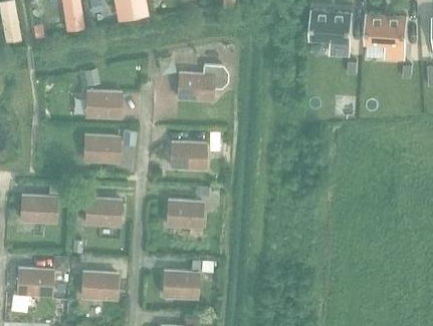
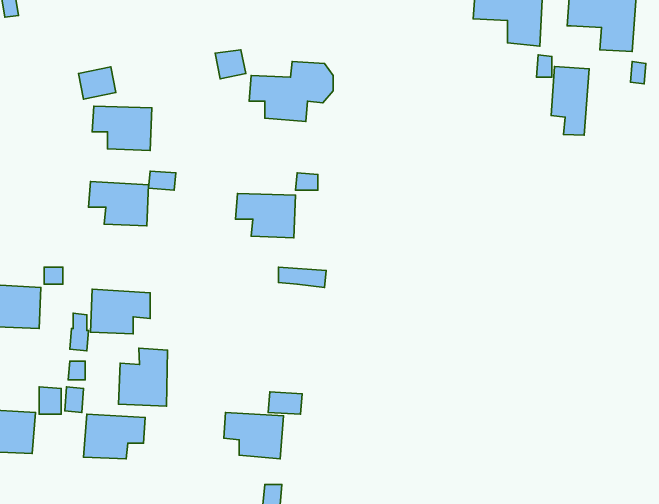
building: none -> [551,67,589,135]
building: [167,201,202,227] -> none
building: none -> [119,348,168,406]

